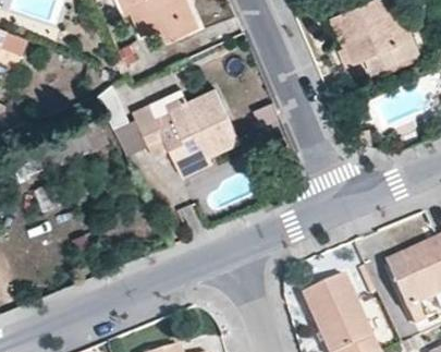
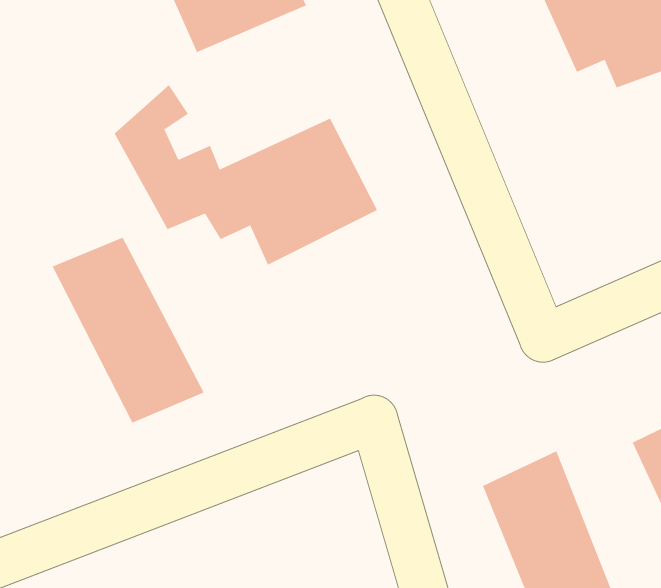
building: none -> [52,237,204,424]

